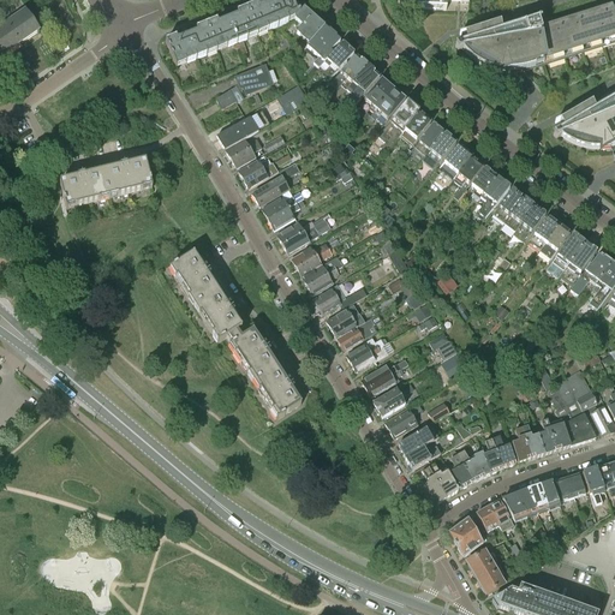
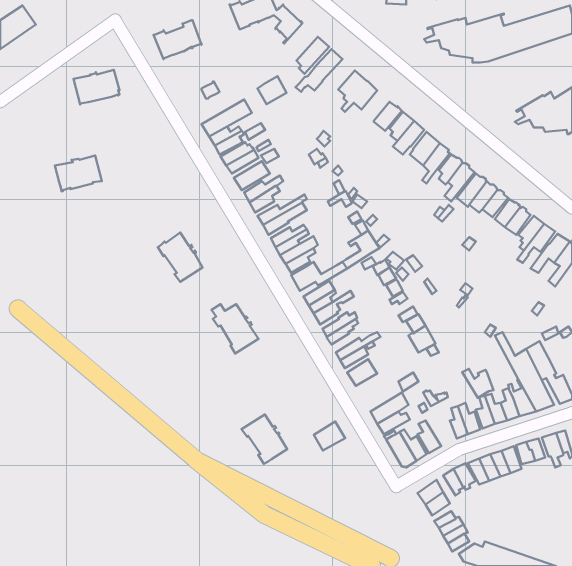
building: [207,5,257,48] -> none
building: [305,25,340,65] -> none
building: [235,61,271,90] -> none
building: [346,64,380,103] -> none
building: [381,98,419,144] -> none
building: [102,157,151,195] -> [73,70,119,105]
building: [193,287,241,340] -> none
building: [252,364,301,417] -> [241,415,287,464]
building: [384,405,418,436] -> [314,421,345,450]
building: [456,448,490,479] -> [462,369,493,398]

